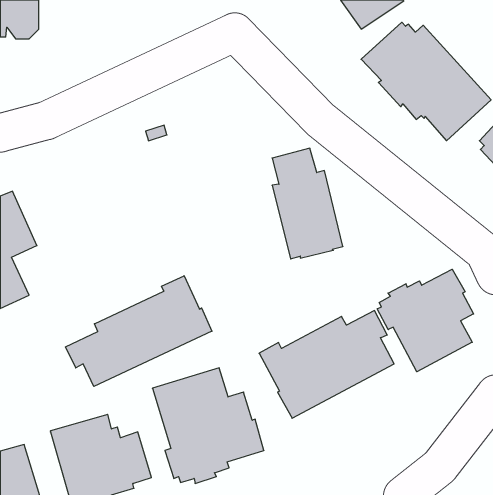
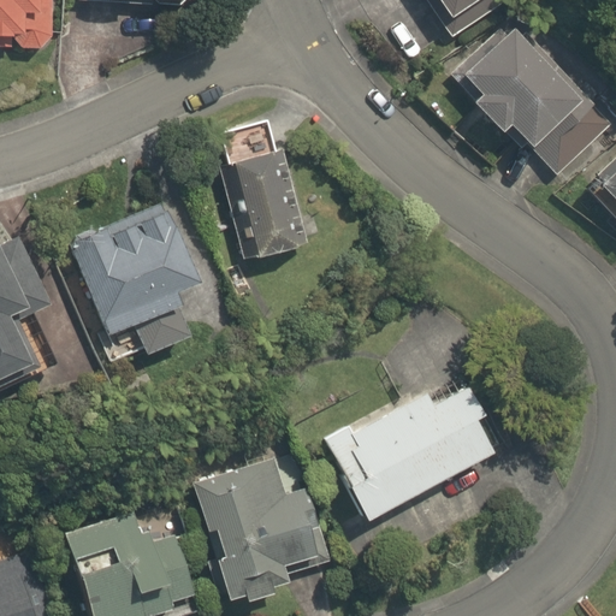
building: [272,148,343,259] -> [220,122,308,259]
building: none -> [60,200,199,359]
building: [377,269,474,372] -> none
building: [66,276,212,386] -> none

